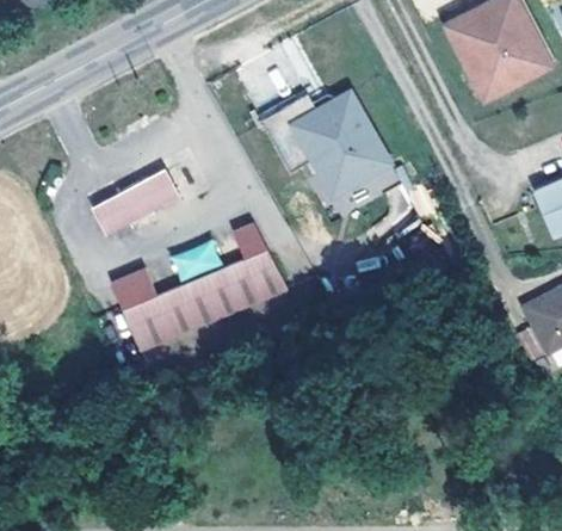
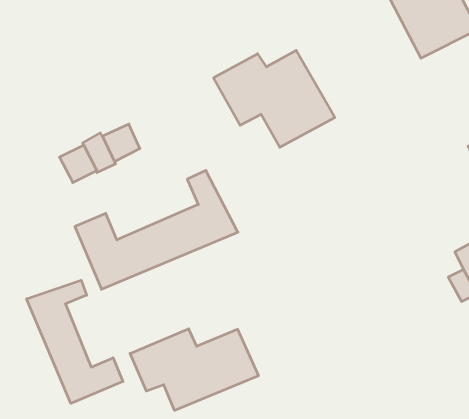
building: none -> [27,280,123,403]
building: none -> [130,329,258,410]

